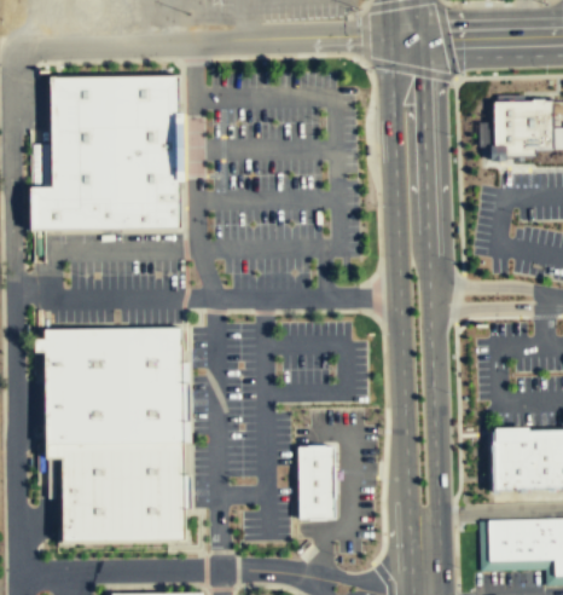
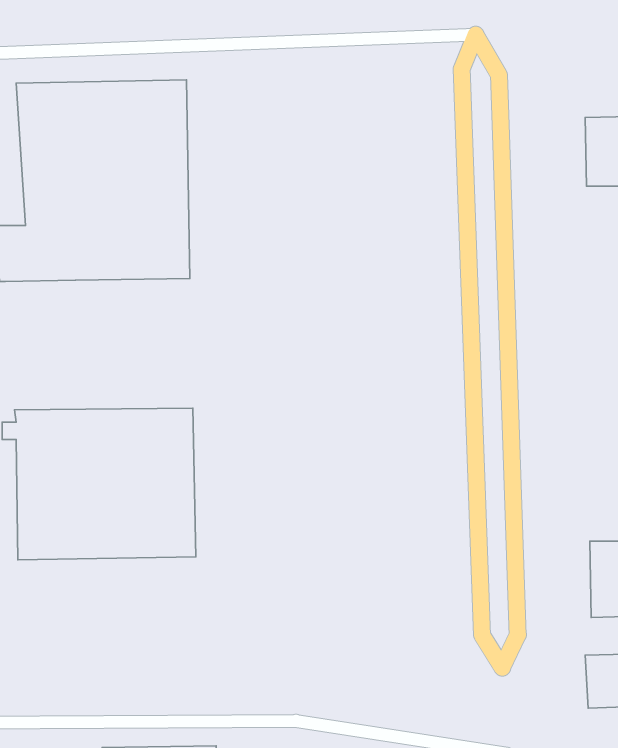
building: [47,444,188,544] -> none
building: [298,447,335,520] -> none

